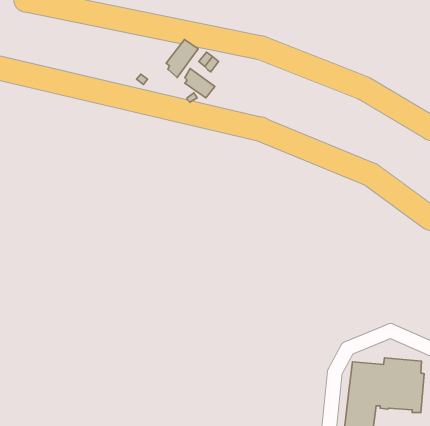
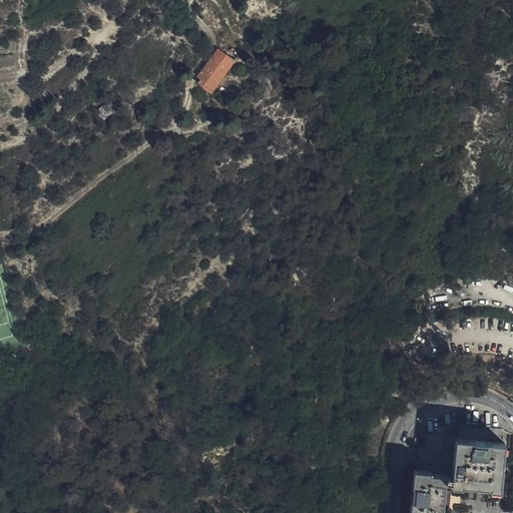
building: [185,69,215,98] -> none

